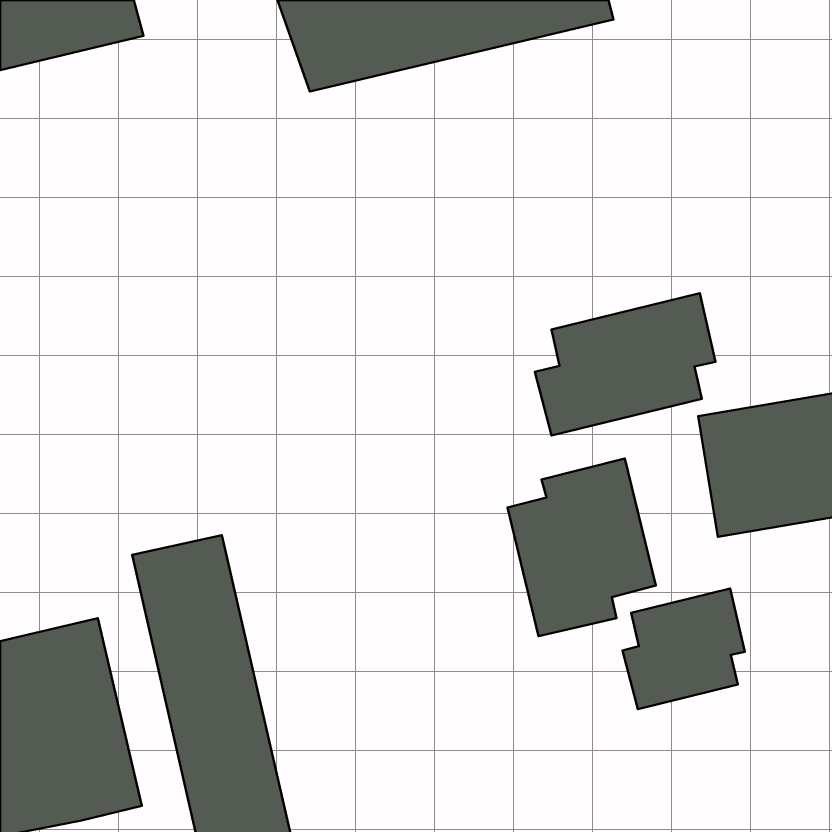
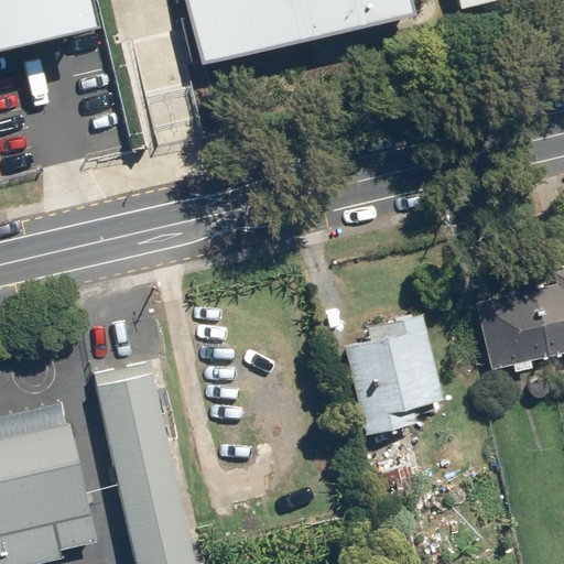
building: [535,293,716,436] -> none
building: [623,589,745,709] -> none

